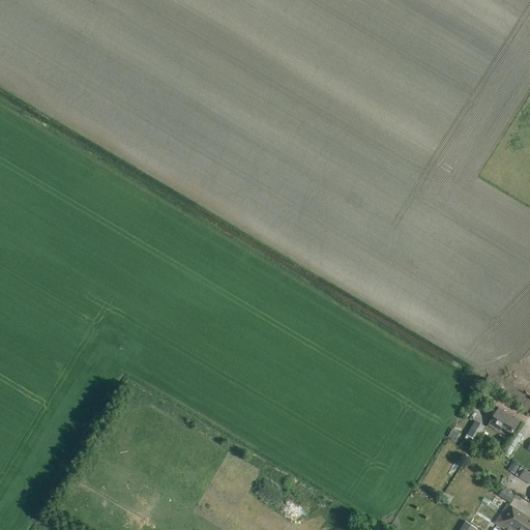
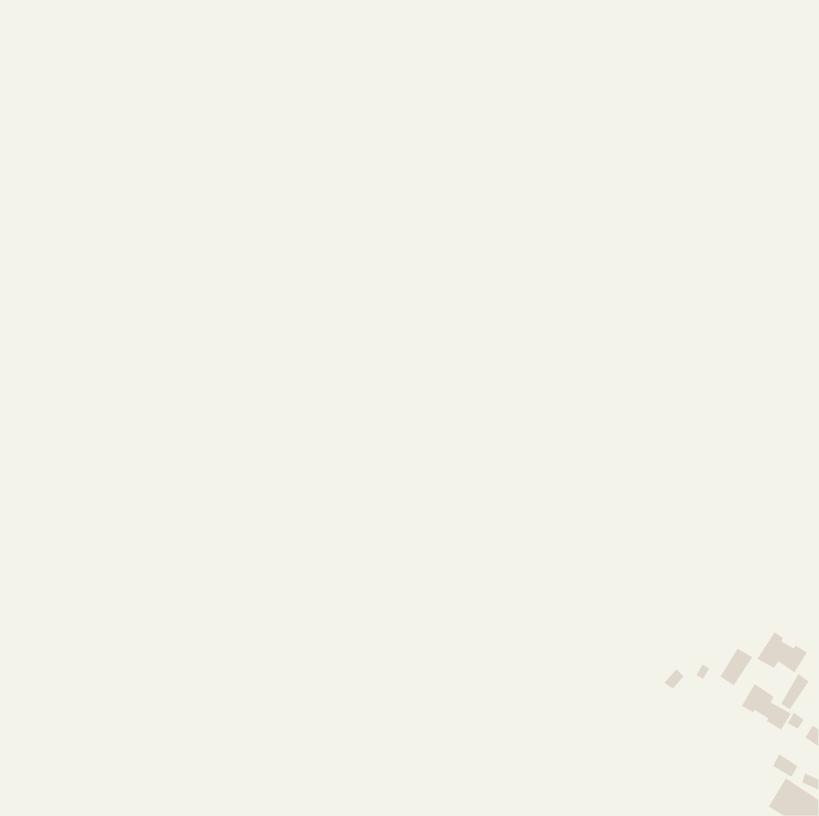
building: none -> [741,683,792,731]

